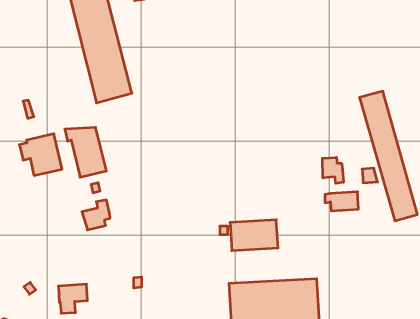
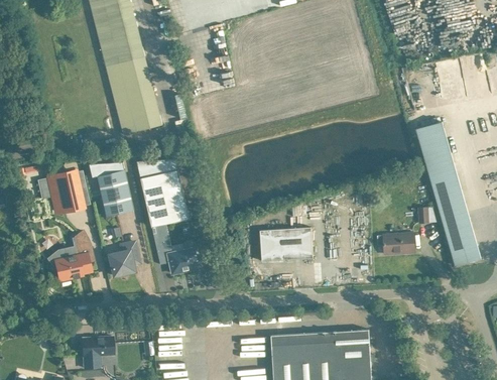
building: none -> [136,159,200,274]
building: [322,157,343,183] -> none
building: none -> [45,230,92,287]
building: [230,220,278,251] -> [259,228,313,262]

